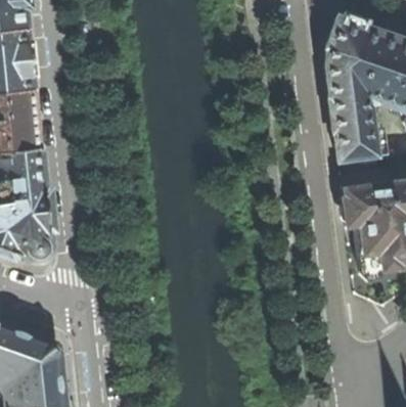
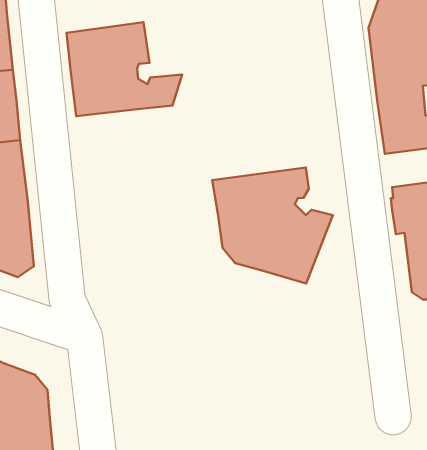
building: none -> [67,22,182,116]
building: none -> [212,168,333,284]

